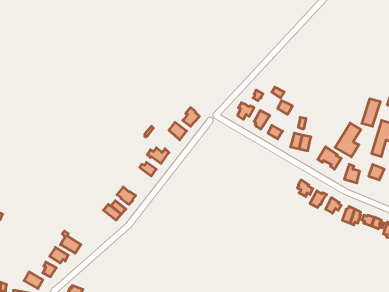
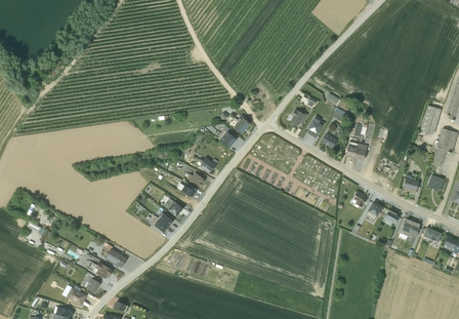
building: [335,123,361,157] -> none

